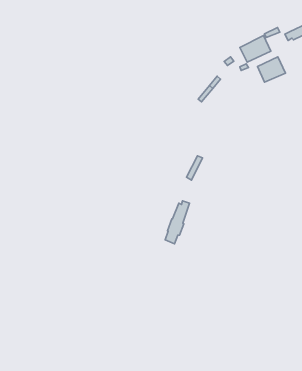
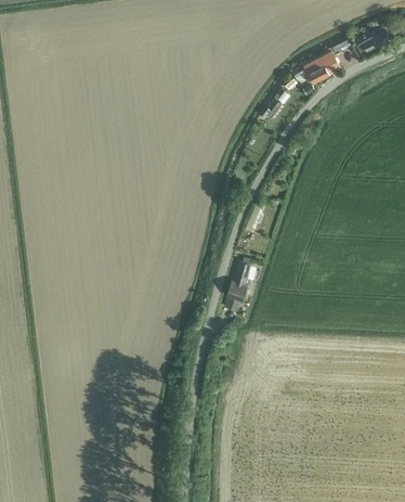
building: [257,57,286,82] -> none

